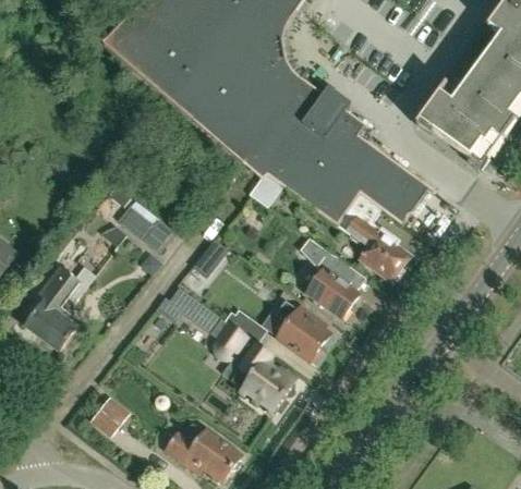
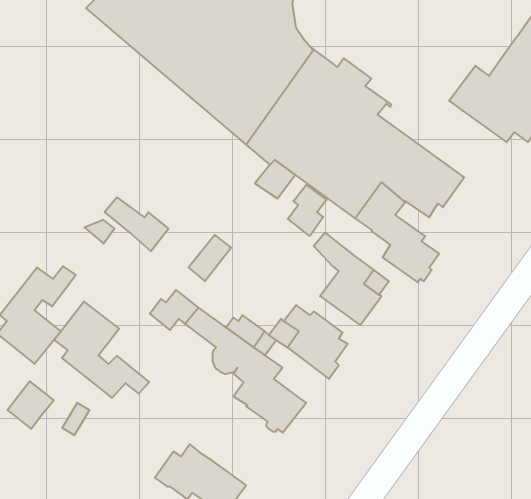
building: none -> [288,185,327,236]
building: none -> [54,302,149,398]
building: [89,395,130,437] -> [7,381,54,429]

